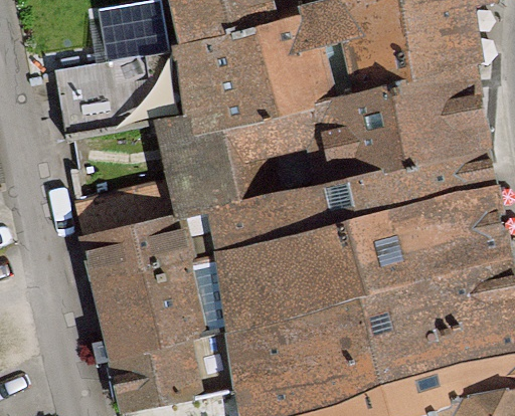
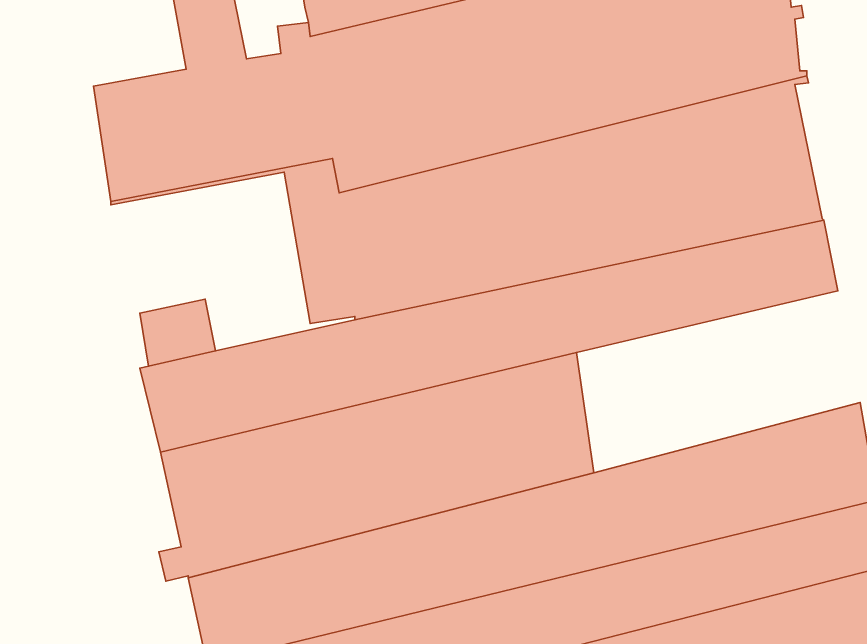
building: [340,191,506,297] -> none

